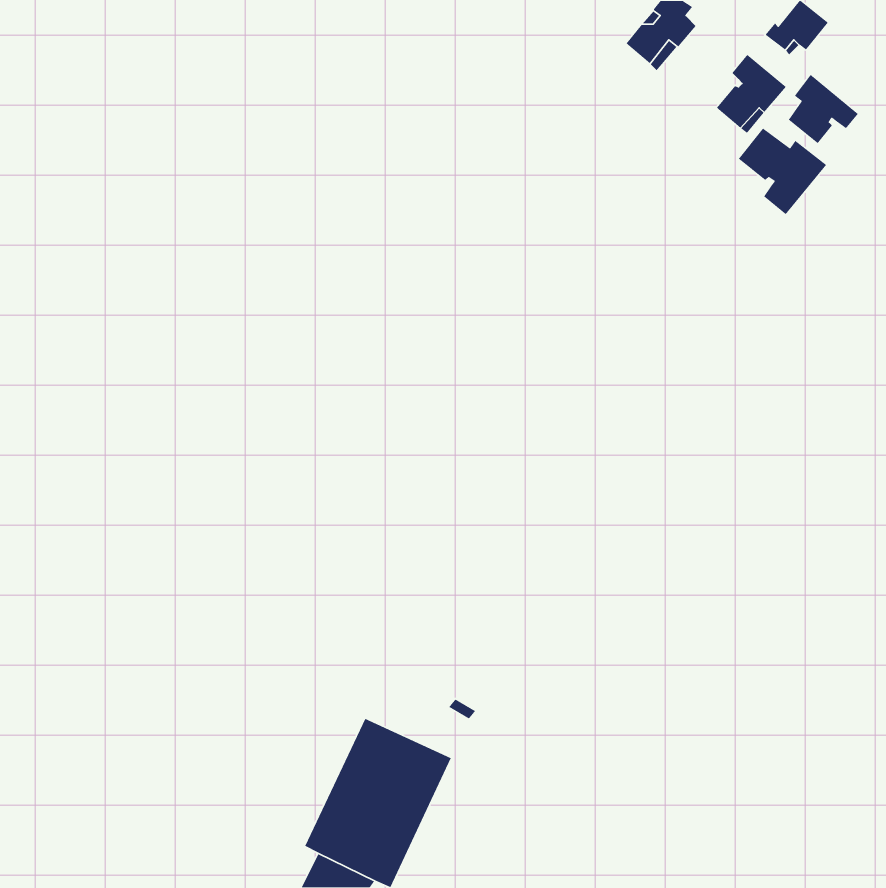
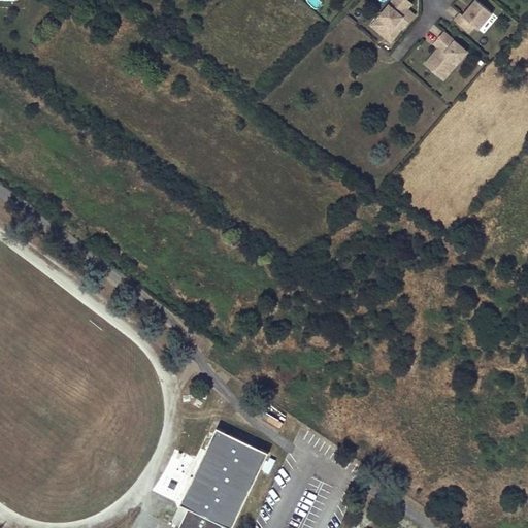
building: [788,74,859,144] -> none
building: [738,127,827,215] -> none

